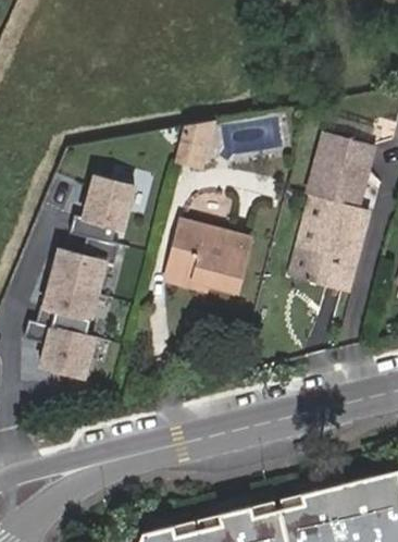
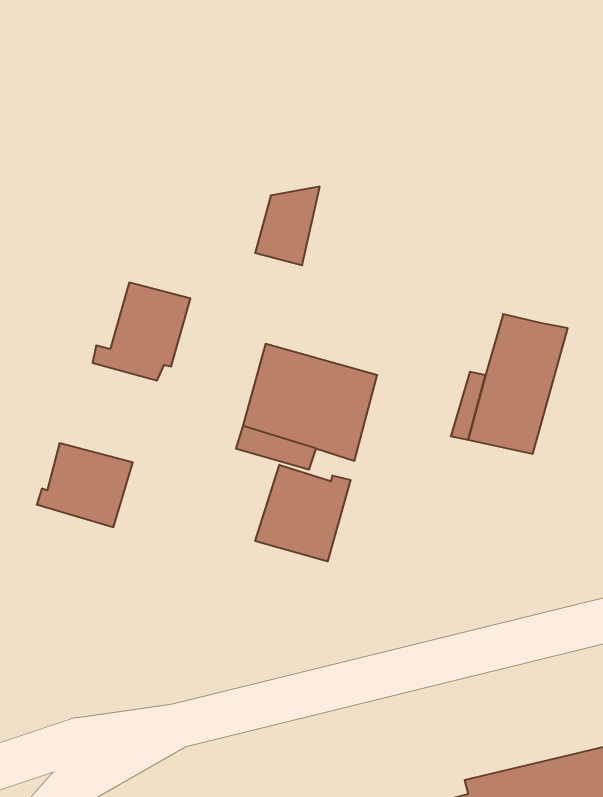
building: [306,133,363,206] -> none
building: [51,231,117,293] -> none
building: none -> [255,465,351,561]
building: [23,319,95,383] -> none

